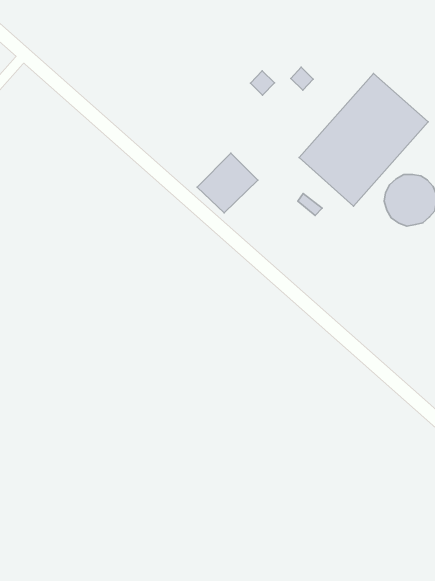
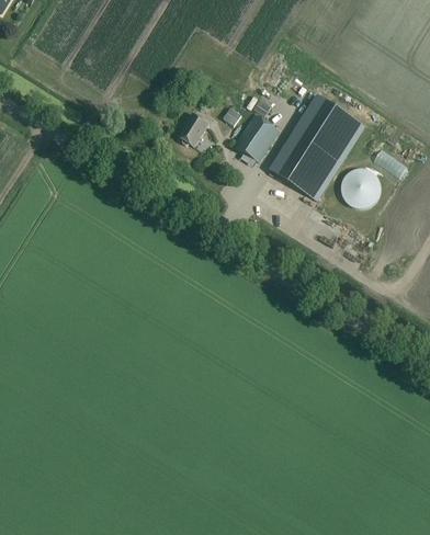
building: none -> [177,112,207,145]
building: [197,153,258,213] -> [233,113,279,160]

